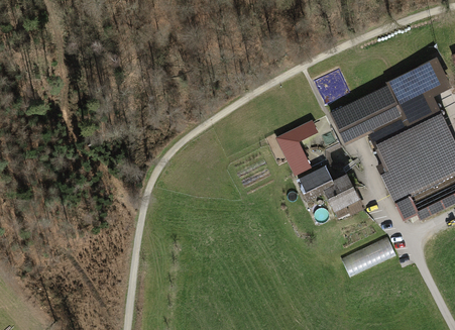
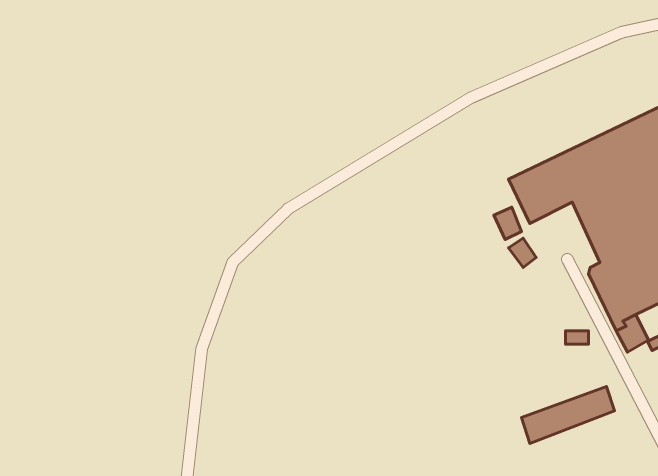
building: [277,127,309,175] -> none
building: [299,168,358,210] -> none

